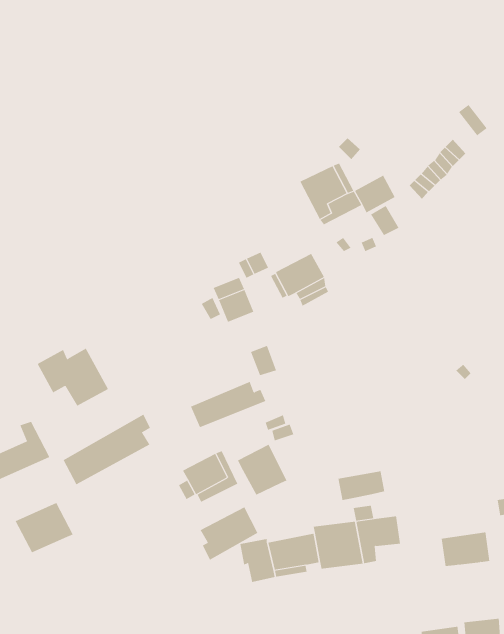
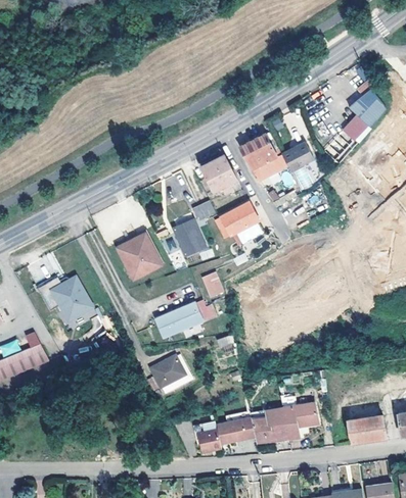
building: none -> [201,154,237,195]
building: none -> [118,235,160,279]
building: [63,414,151,485] -> none
building: [237,444,287,495] -> none
building: [338,470,385,501] -> none
building: [15,502,74,553] -> none
building: [200,507,258,560] -> none

